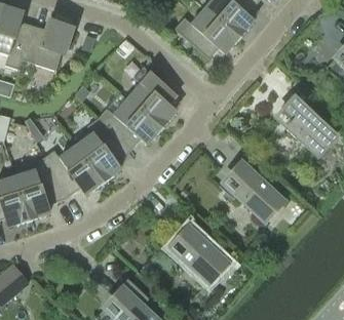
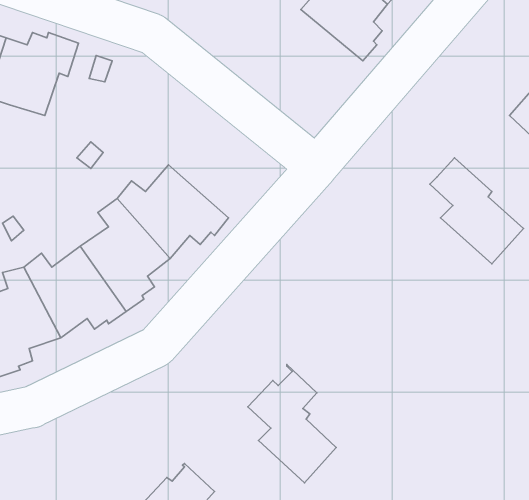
building: [175,7,241,57] -> none
building: [128,65,179,128] -> none
building: [228,152,282,221] -> none

